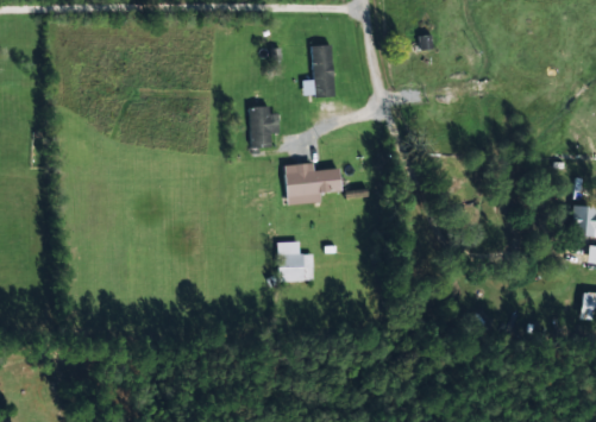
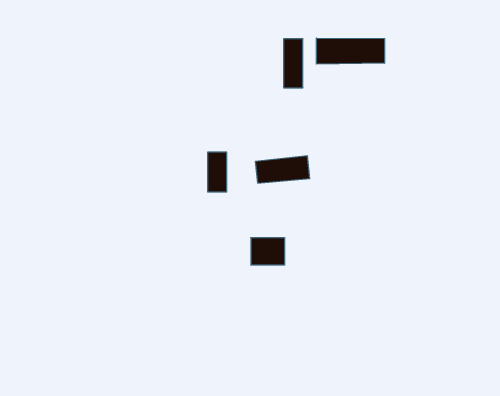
building: none -> [317,38,385,64]
building: [250,106,270,147] -> [208,152,227,192]

